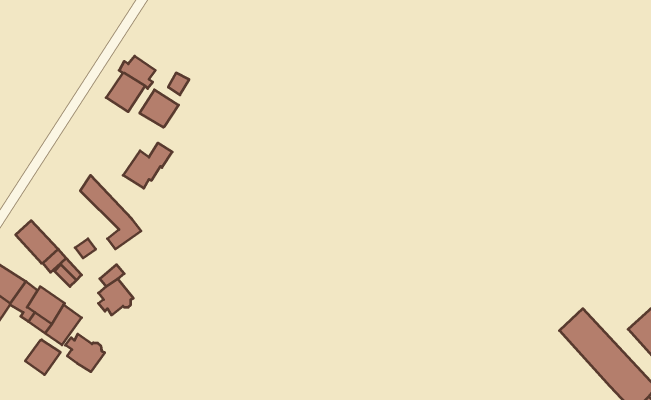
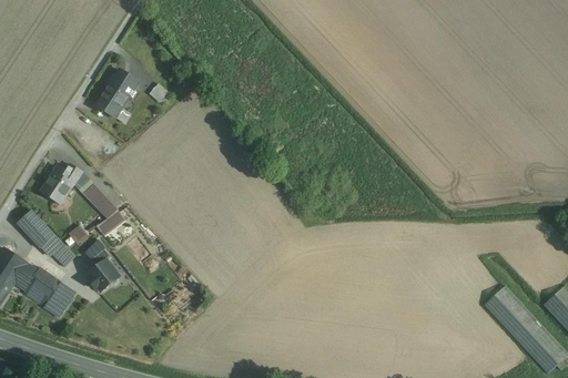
building: [140,90,179,127] -> none
building: [123,143,172,188] -> [40,163,82,202]
building: [65,334,105,372] -> none
building: [25,340,60,375] -> none

